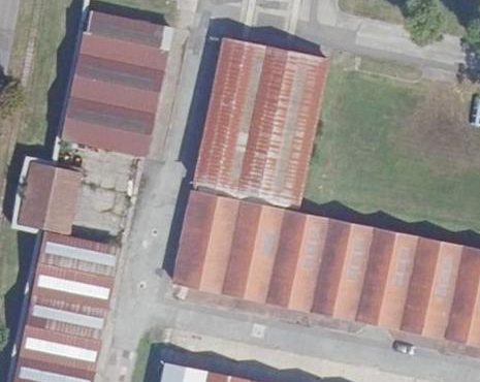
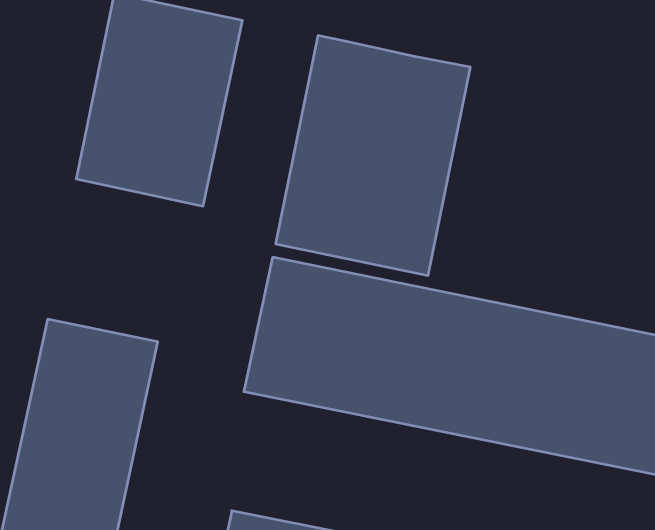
building: [22,163,75,232] -> none

